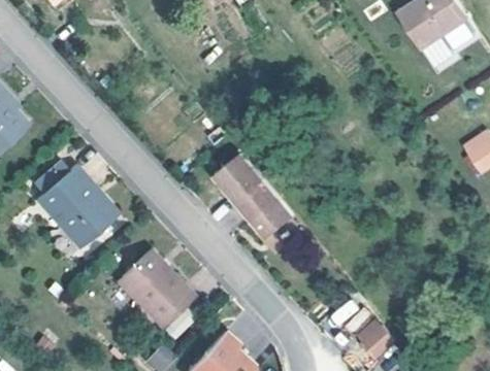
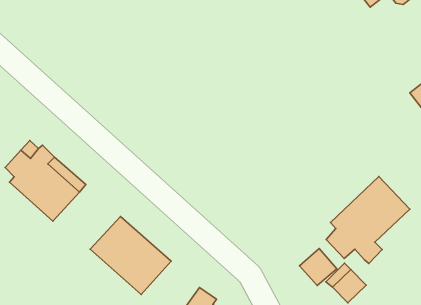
building: [211,154,293,237] -> none
building: none -> [326,177,410,263]

